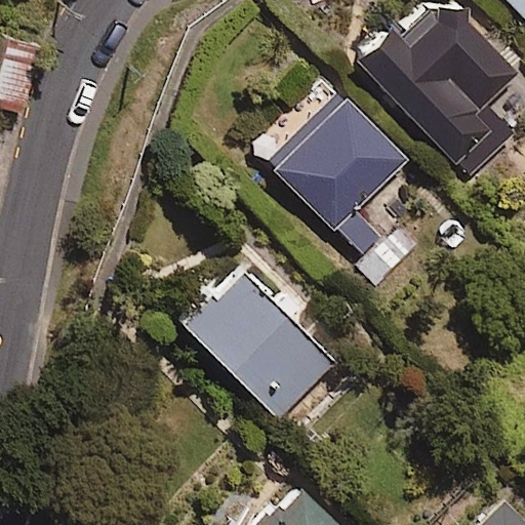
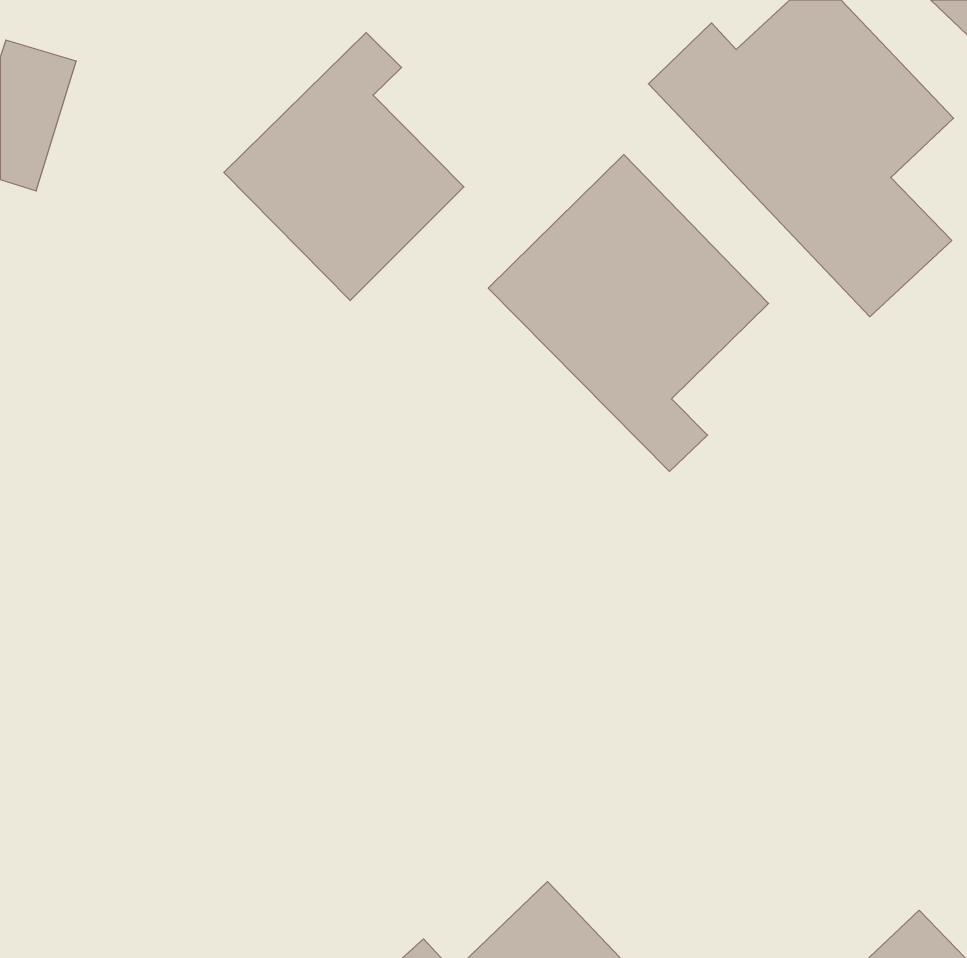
building: none -> [224,33,464,301]
building: [177,261,336,421] -> none

